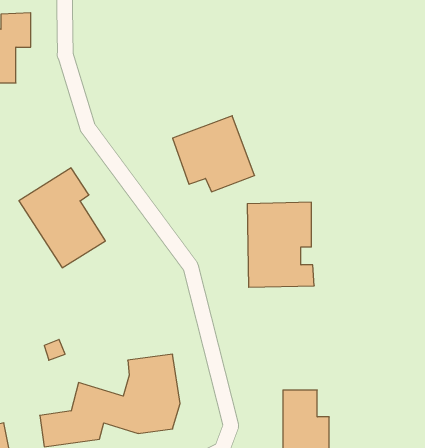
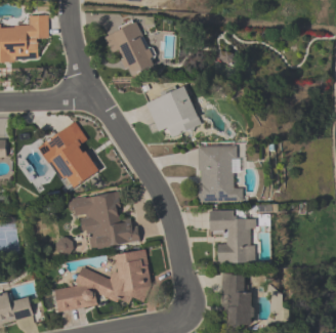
building: none -> [103,20,155,76]
building: none -> [67,191,139,250]
building: none -> [208,209,255,262]

